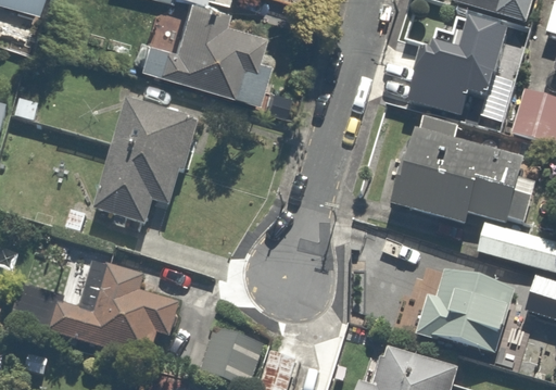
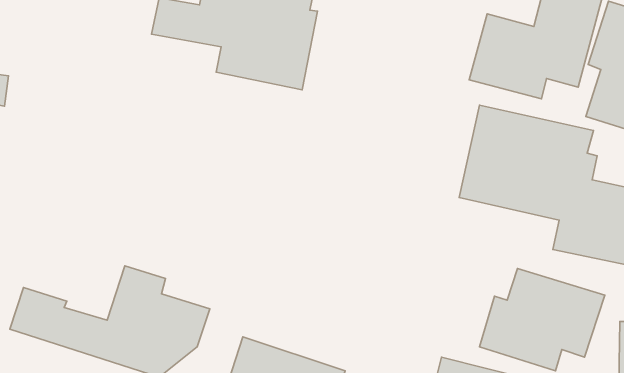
building: [92,99,194,225] -> none

